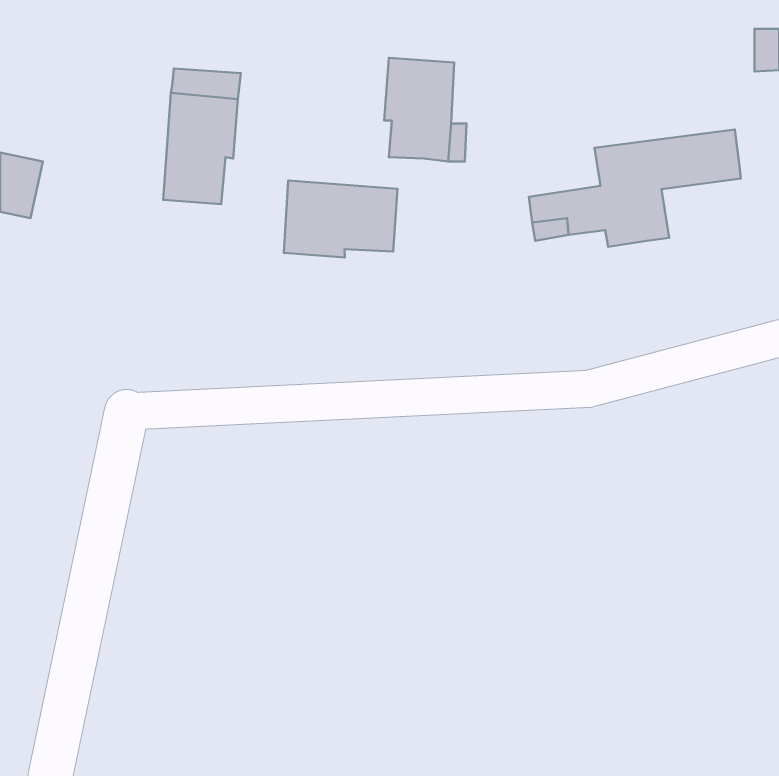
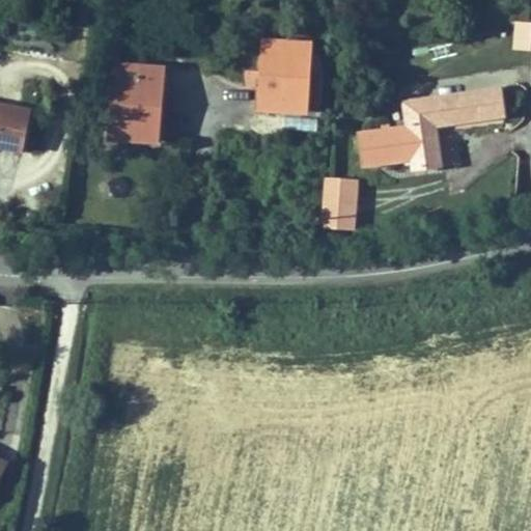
building: [284,180,398,257] -> none
building: none -> [323,177,357,226]

